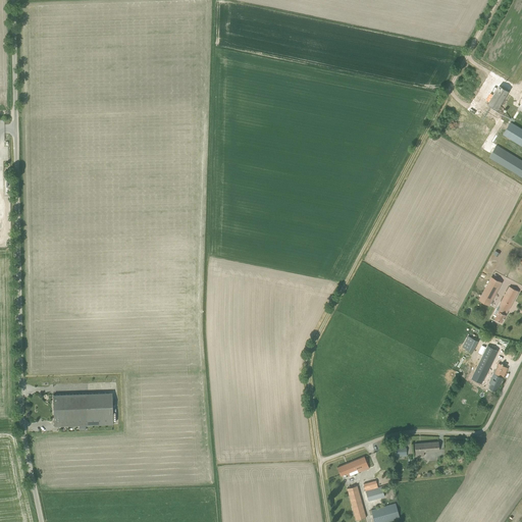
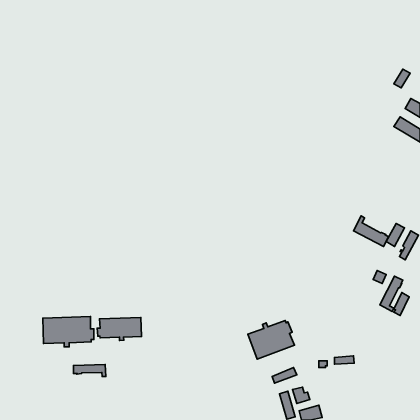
building: none -> [353,216,389,246]
building: none -> [97,317,142,340]
building: none -> [248,320,294,359]
building: none -> [73,364,106,377]

